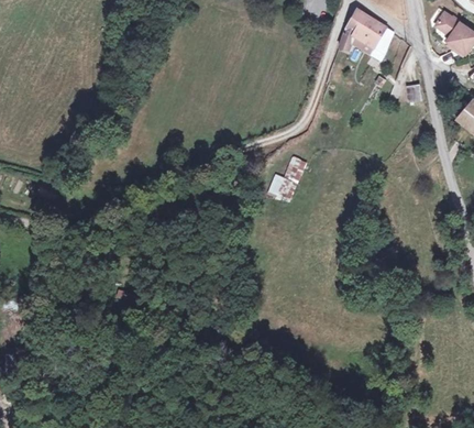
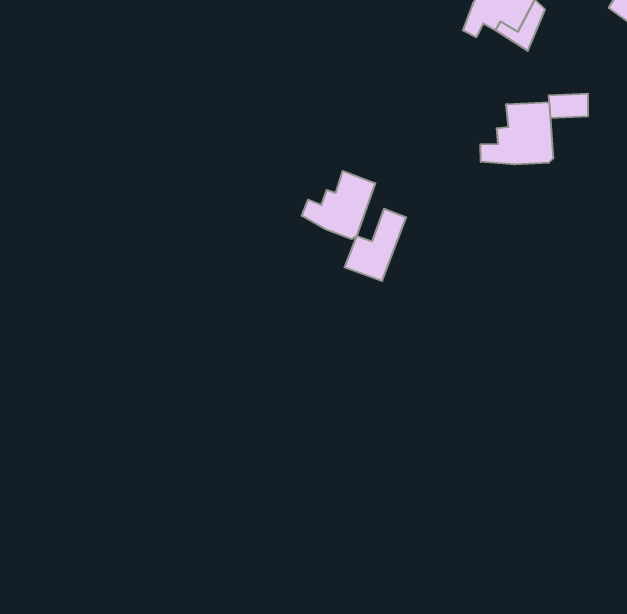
building: none -> [480,102,553,165]
building: none -> [302,171,375,239]

